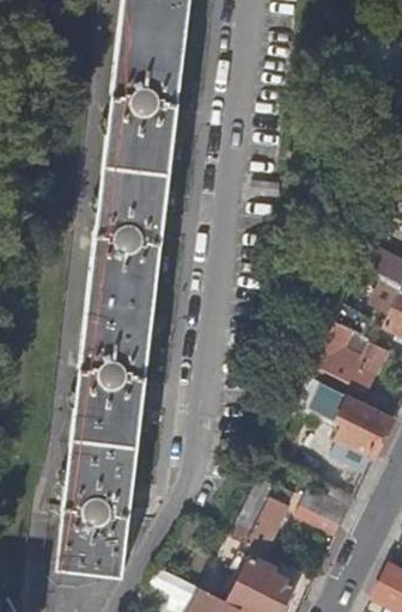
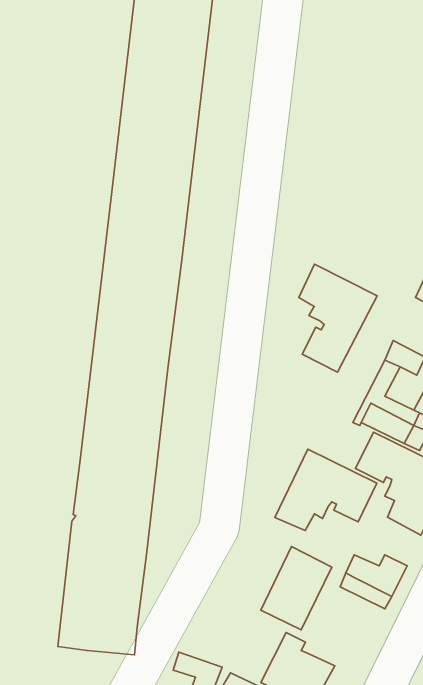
building: none -> [299,264,377,372]
building: none -> [275,449,377,531]

